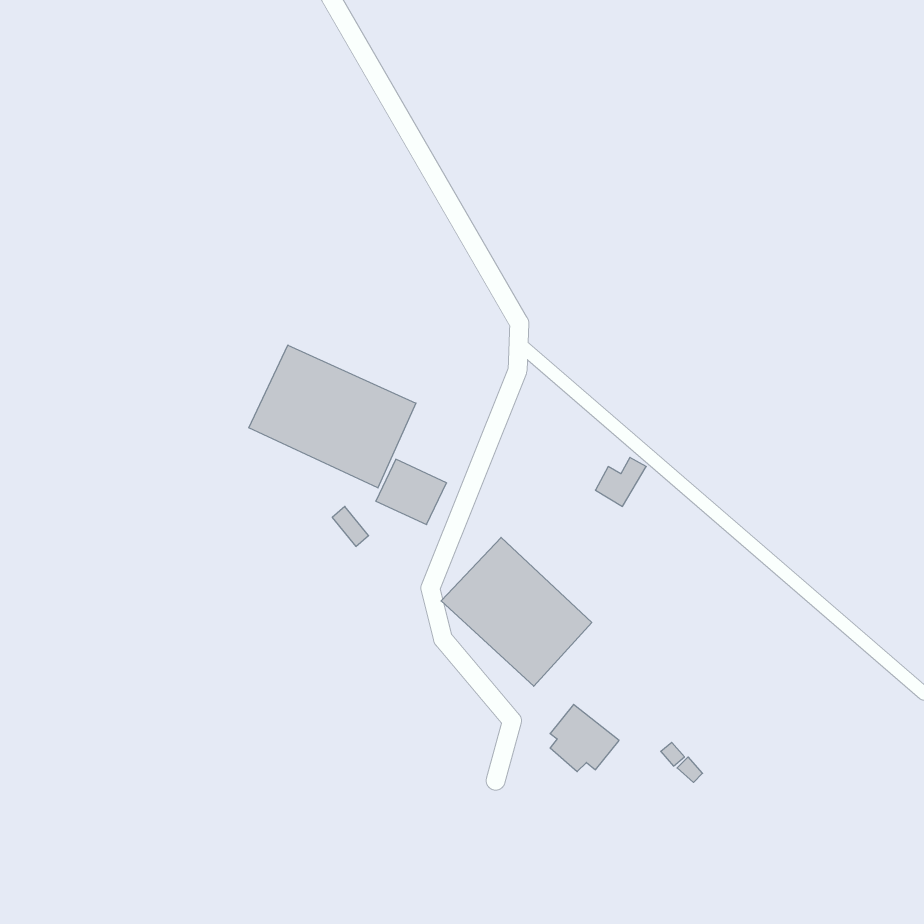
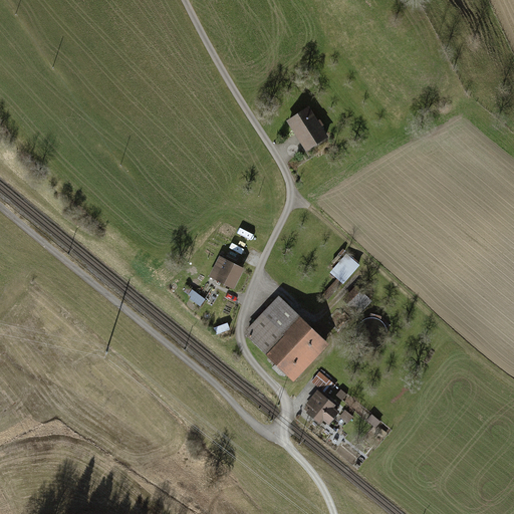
building: none -> [285,105,329,153]
building: [249,345,416,488] -> none

